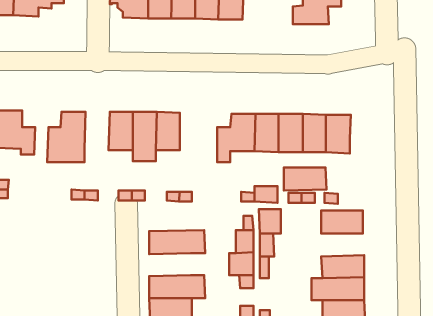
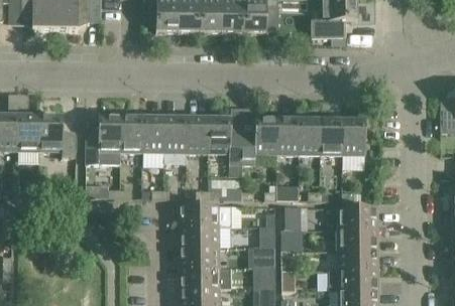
building: none -> [120,117,143,152]
building: none -> [208,118,242,163]
building: [284,167,327,191] -> [338,228,377,250]
building: none -> [179,205,231,226]
building: none -> [180,247,218,268]

